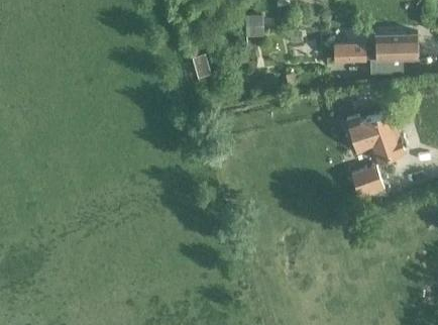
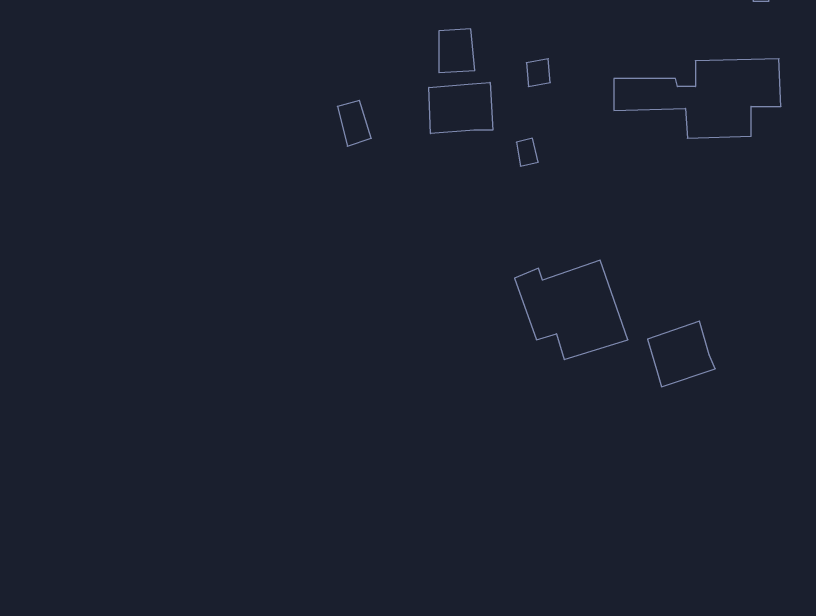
building: none -> [429,82,493,134]
building: [347,112,405,162] -> [515,260,628,360]

